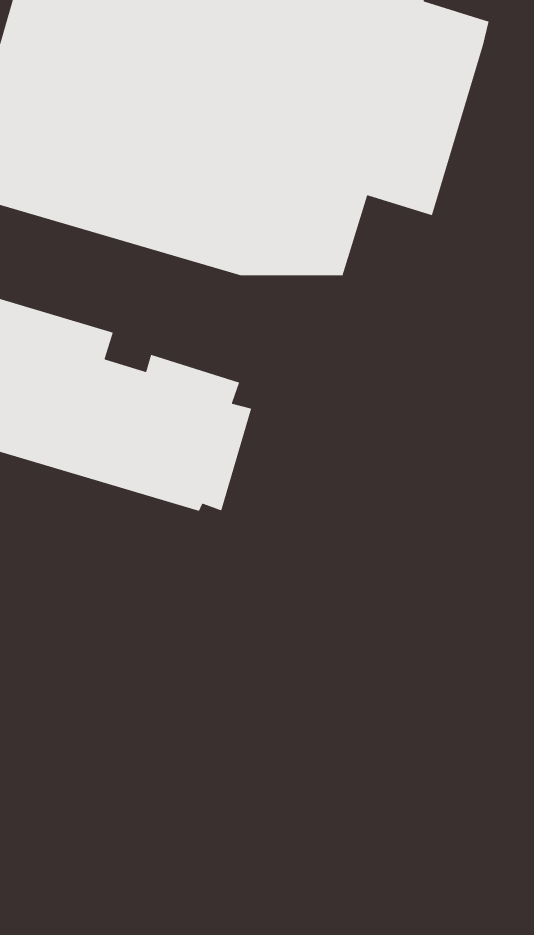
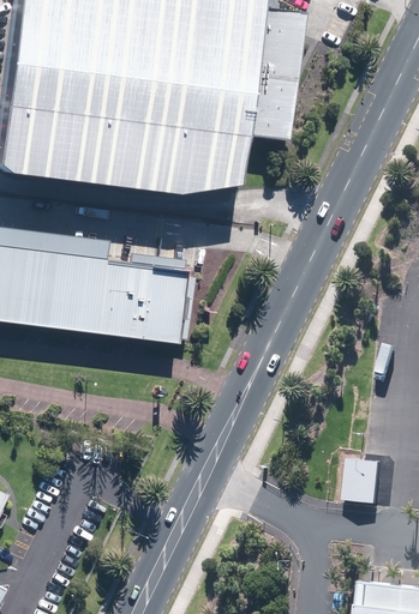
building: none -> [345,460,381,505]

